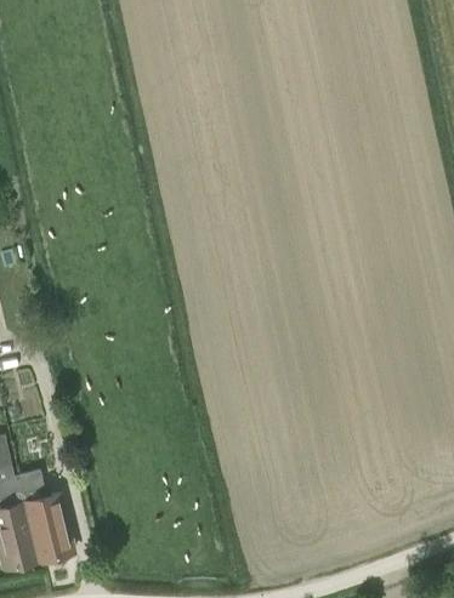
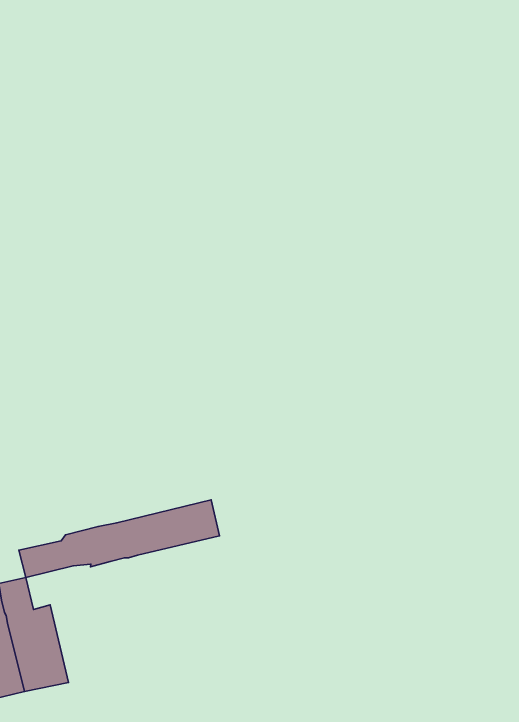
building: none -> [19,500,220,577]

